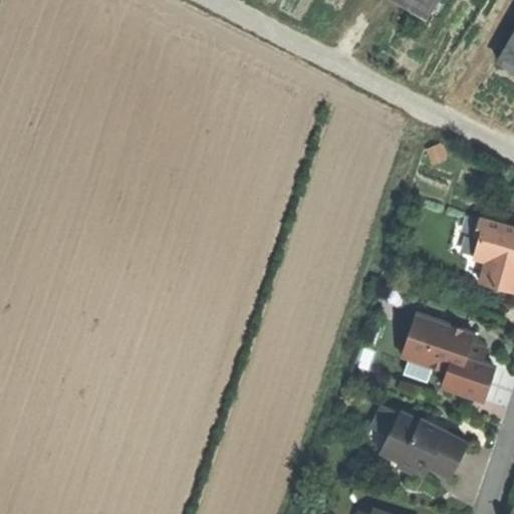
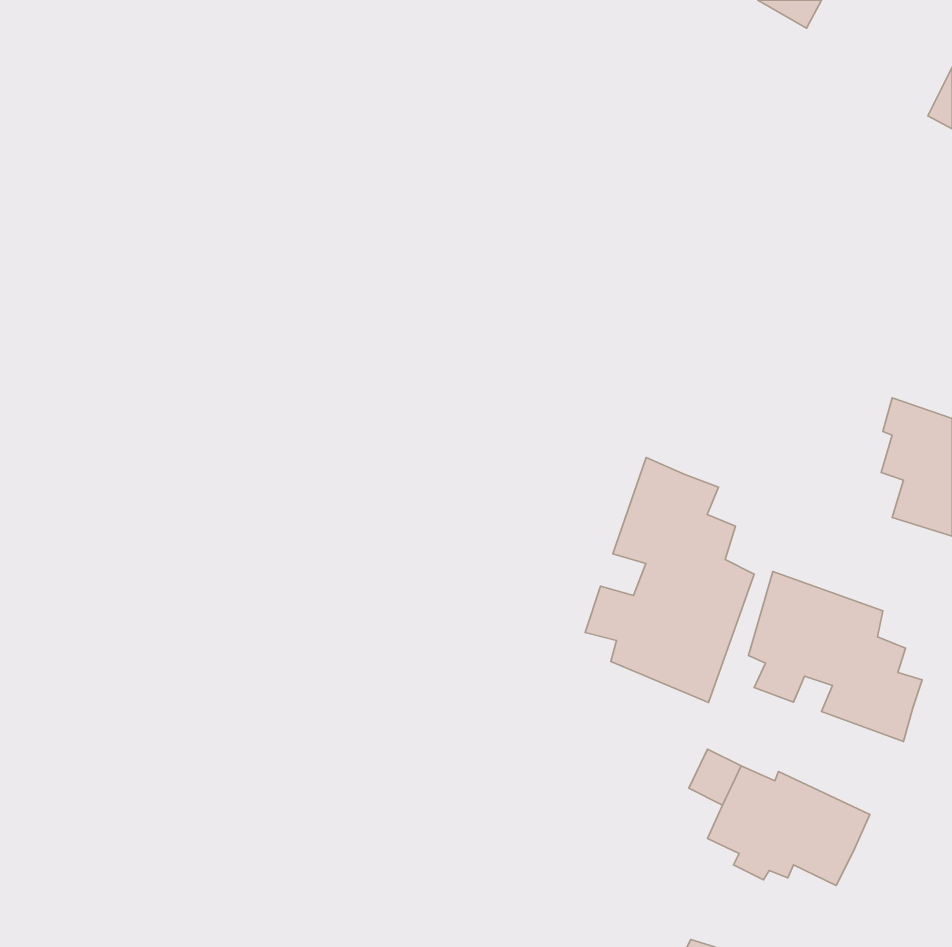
building: none -> [585,458,754,703]

